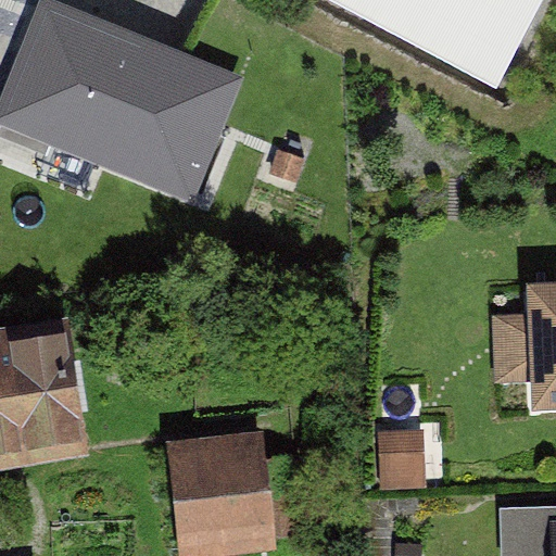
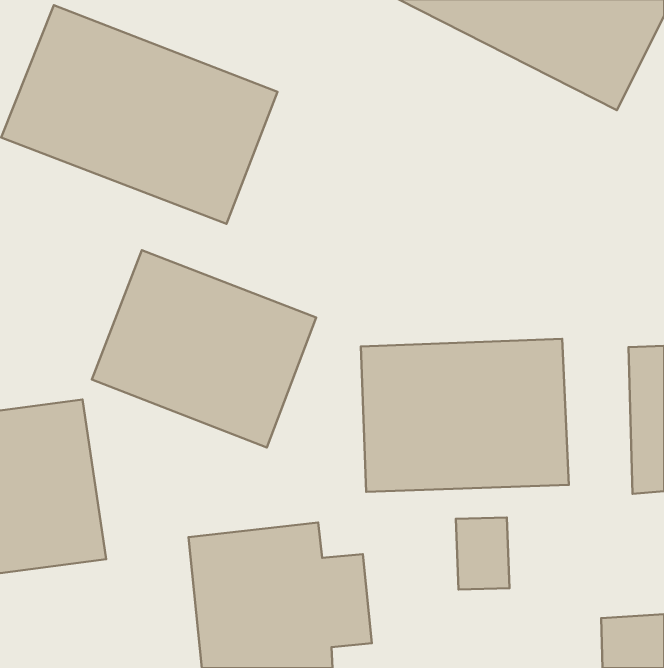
building: none -> [92,250,316,448]
building: none -> [361,339,569,492]

